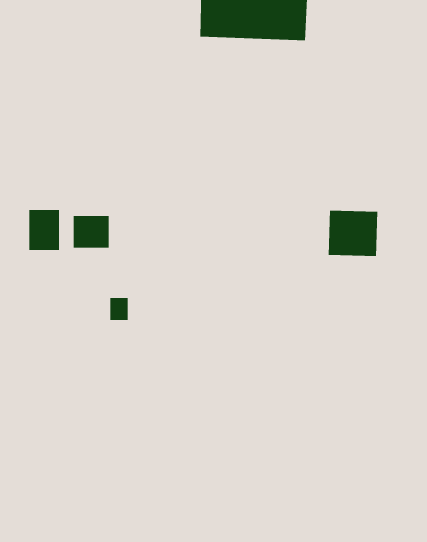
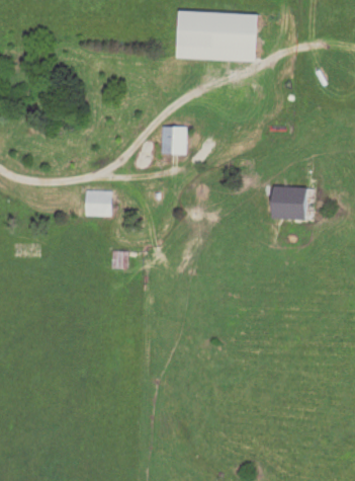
building: none -> [161,126,185,154]
building: [29,209,60,251] -> none

